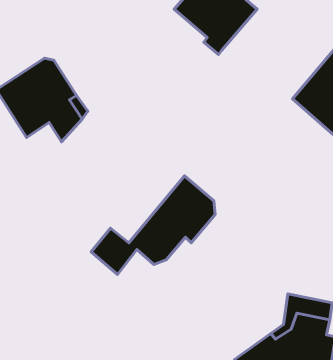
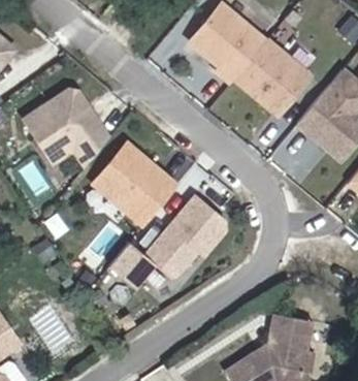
building: none -> [229,40,305,115]
building: none -> [93,141,175,223]

